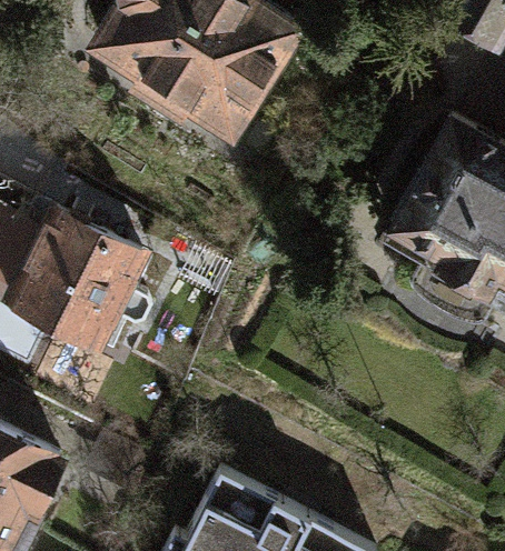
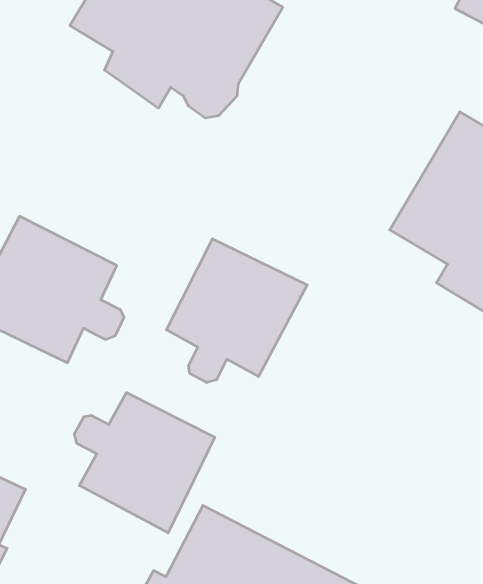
building: none -> [166,239,307,383]
building: none -> [74,393,215,533]

